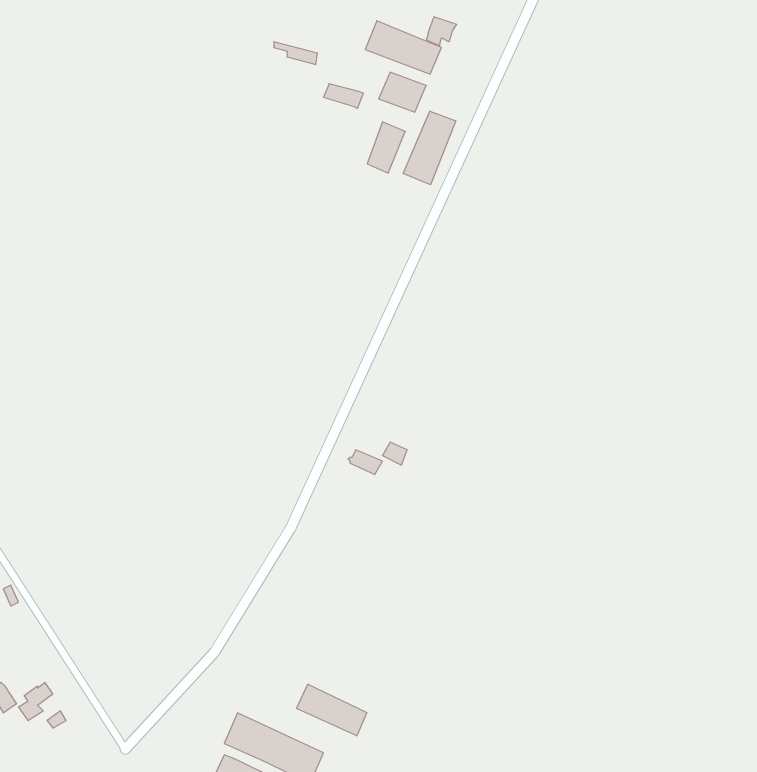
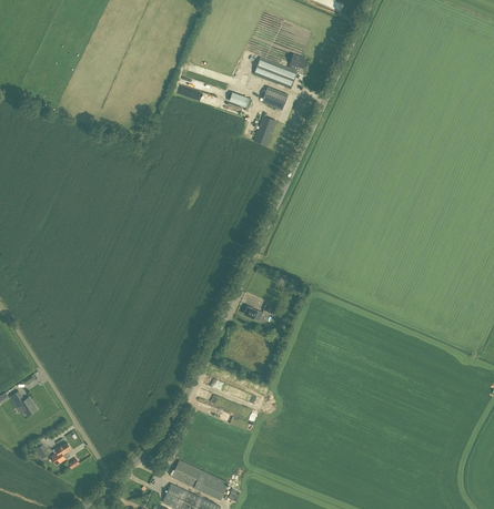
building: [403,111,456,185] -> none
building: [297,684,367,736] -> none

